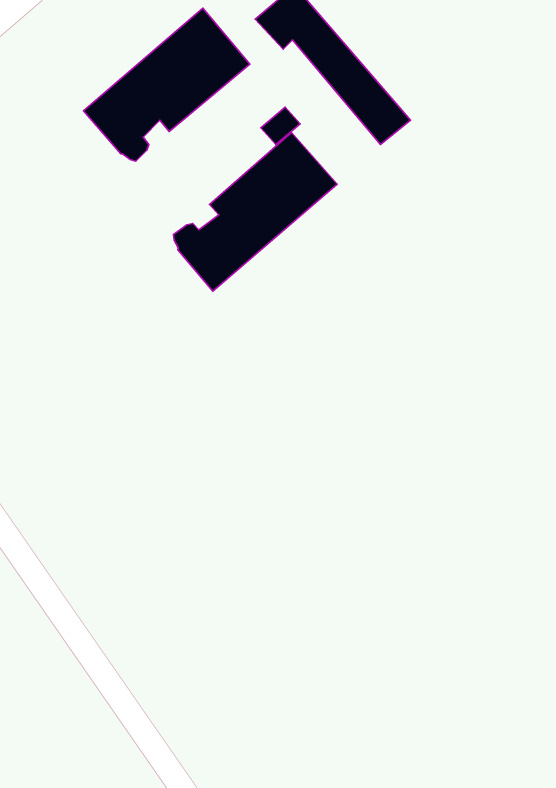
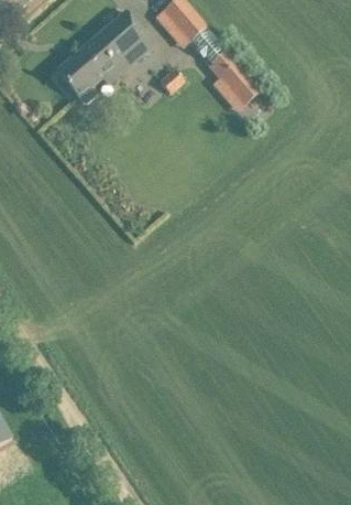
building: [174,133,337,291] -> none

